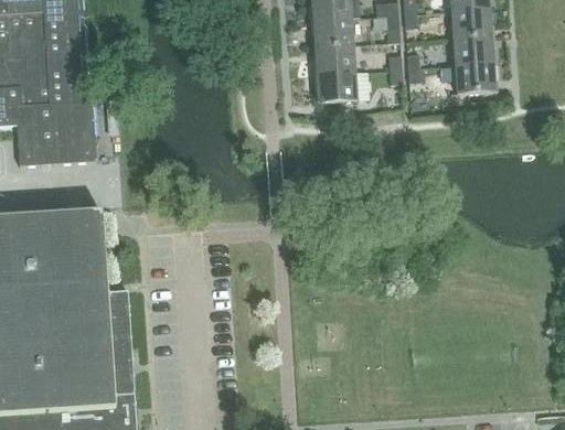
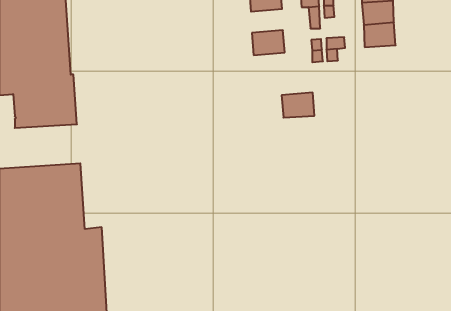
building: [313,17,353,46] -> none
building: [455,62,494,92] -> none
building: [317,71,358,101] -> [282,93,314,118]

